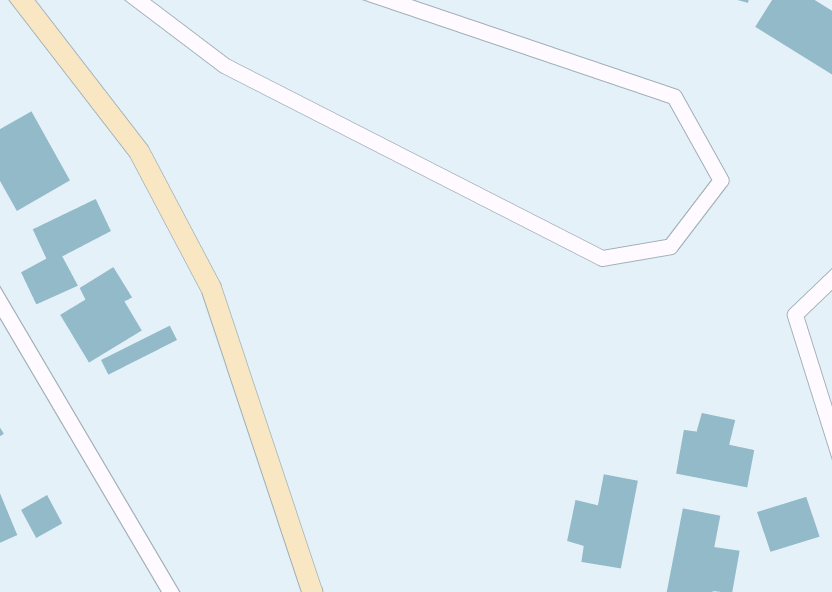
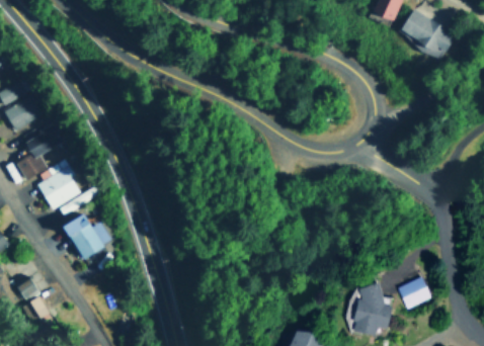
building: none -> [63,212,111,257]
building: [676,412,755,488] -> none
building: [566,474,638,569] -> none
building: none -> [22,296,49,322]

